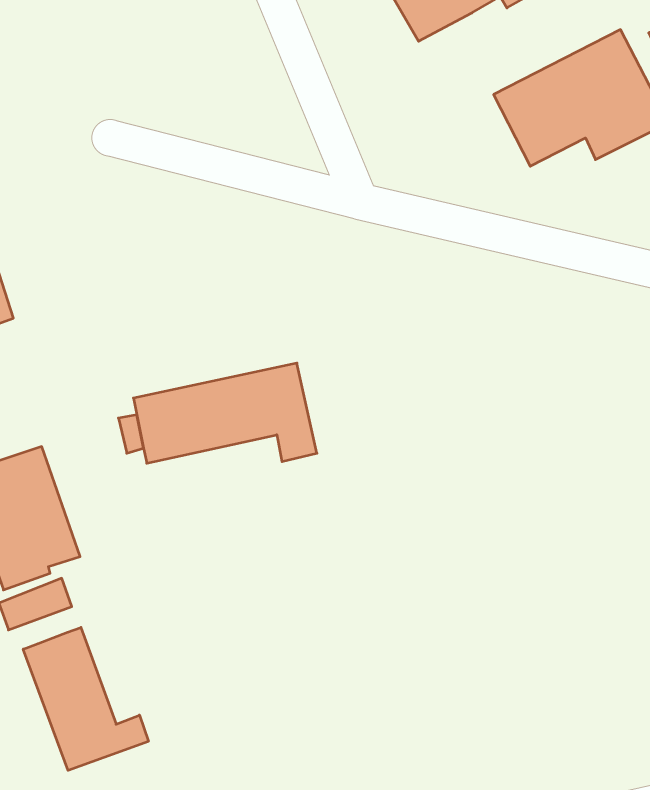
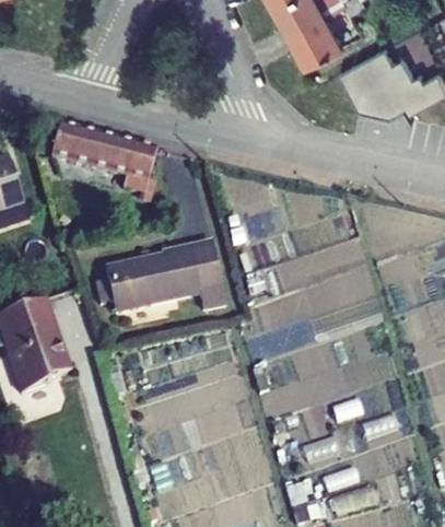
building: none -> [291,16,342,66]
building: none -> [49,126,155,195]
building: [23,627,148,770] -> none

